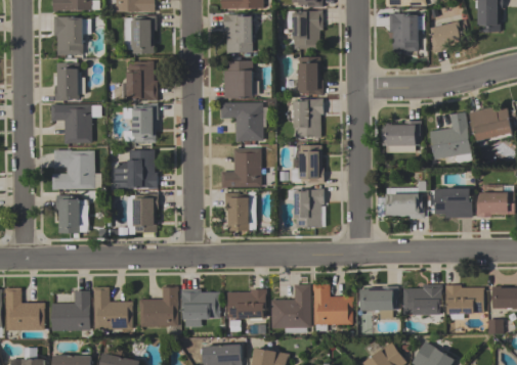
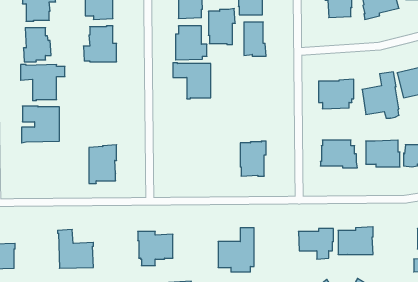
building: [294,97,324,137] -> [208,9,235,45]
building: [123,102,158,142] -> none
building: [291,144,324,183] -> none
building: [221,147,261,188] -> none
building: [115,150,157,188] -> none
building: [225,191,257,230] -> none
building: [56,195,86,232] -> none
building: [313,283,353,324] -> none
building: [445,284,484,319] -> none
building: [138,285,178,326] -> none
building: [227,288,266,318] -> none
building: [52,290,90,330] -> none

